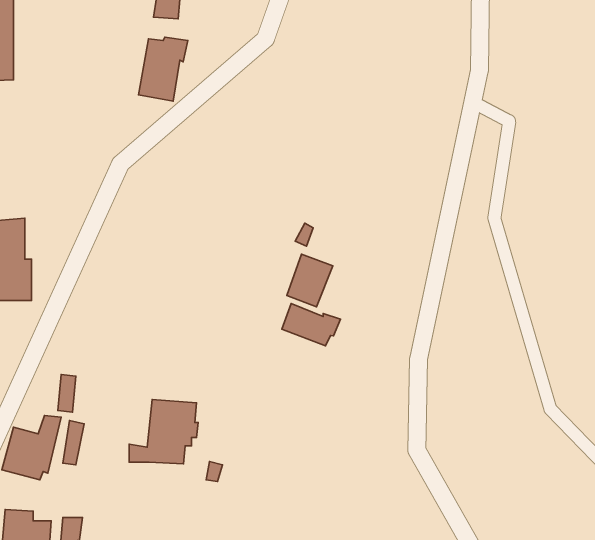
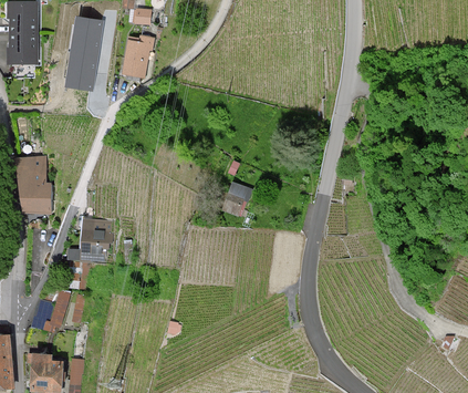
building: none -> [67,20,101,87]
building: [282,304,341,346] -> none
building: [129,400,198,464] -> [66,218,113,261]

